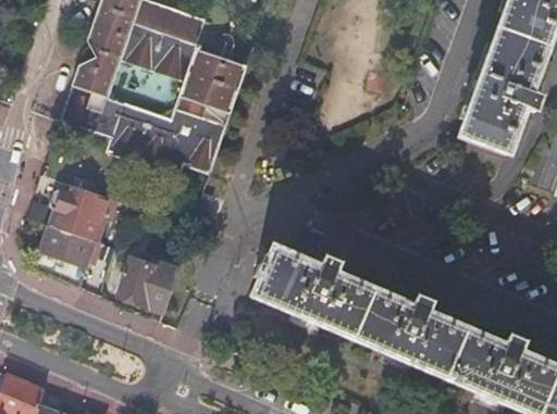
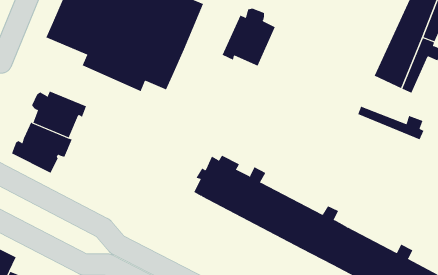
building: none -> [222,8,275,66]
building: none -> [358,106,424,140]
building: [117,258,178,311] -> none

